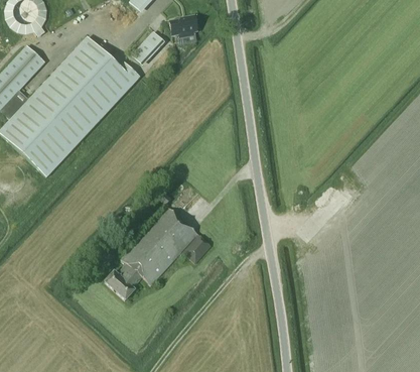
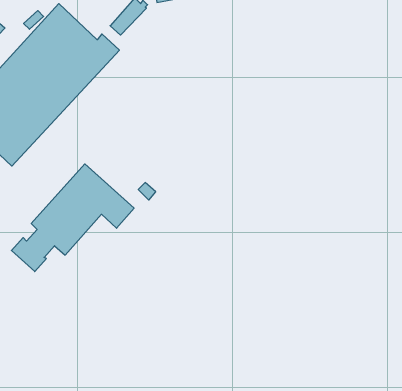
building: [105,207,211,299] -> [11,164,134,272]

